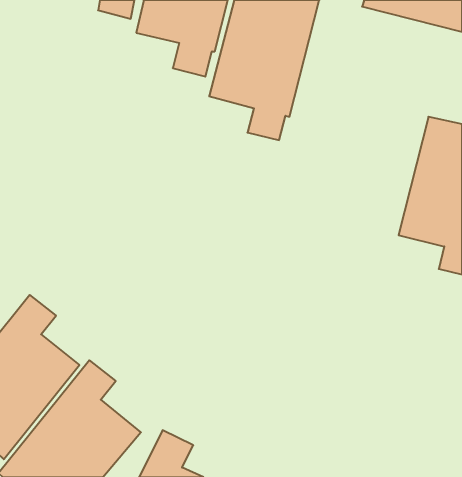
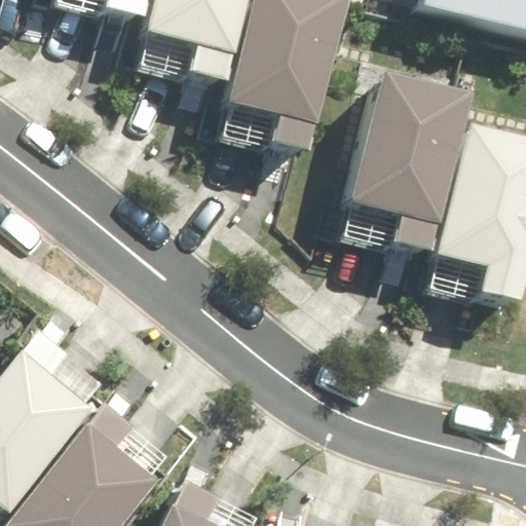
building: none -> [353,76,475,256]

